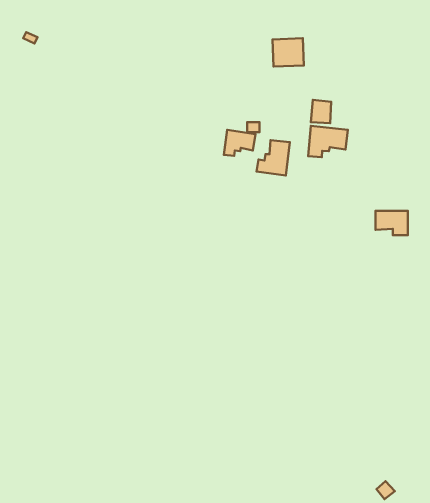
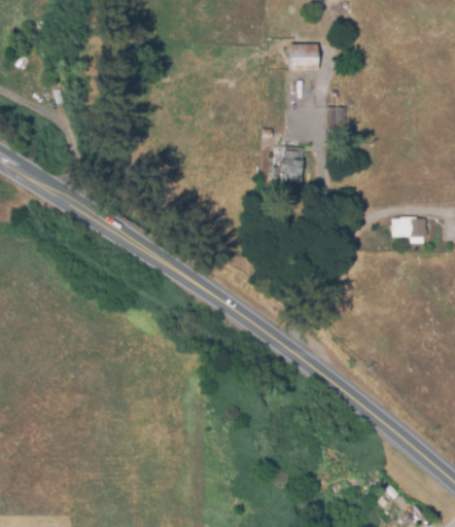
building: [308,126,348,157] -> none
building: [224,130,256,156] -> none

